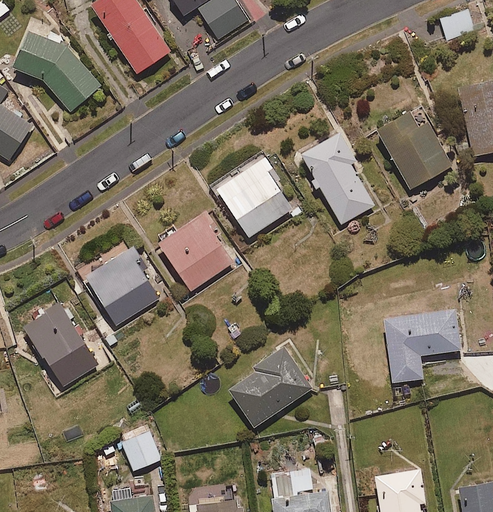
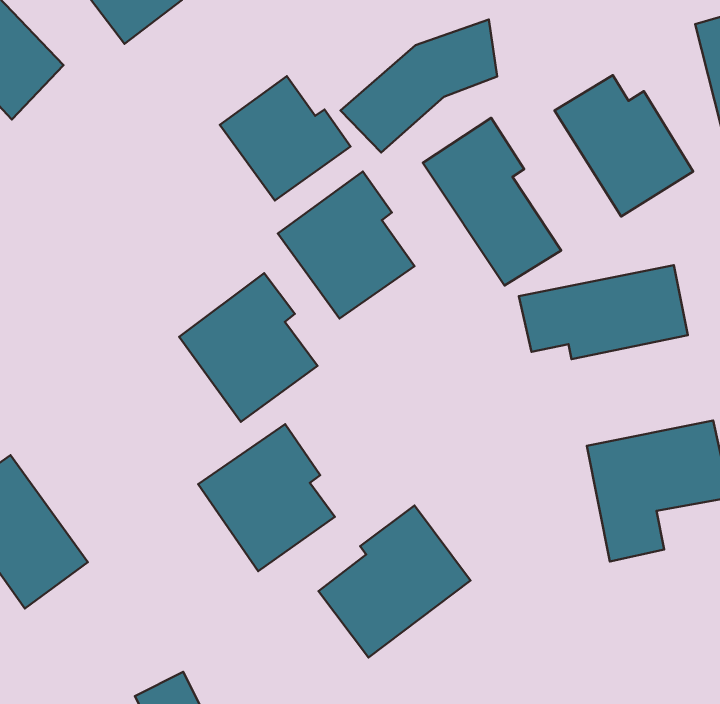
building: none -> [341,19,497,153]
building: none -> [220,76,351,200]
building: none -> [519,265,688,359]
building: [84,245,160,327] -> [198,424,335,571]

